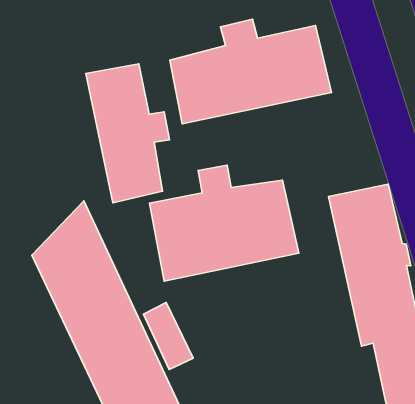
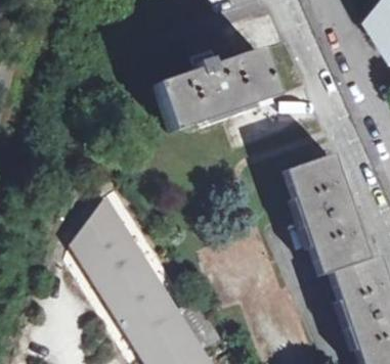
building: [86,64,169,203] -> none
building: [150,165,299,281] -> none

